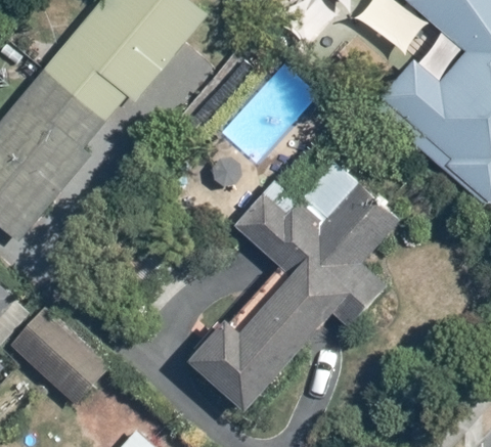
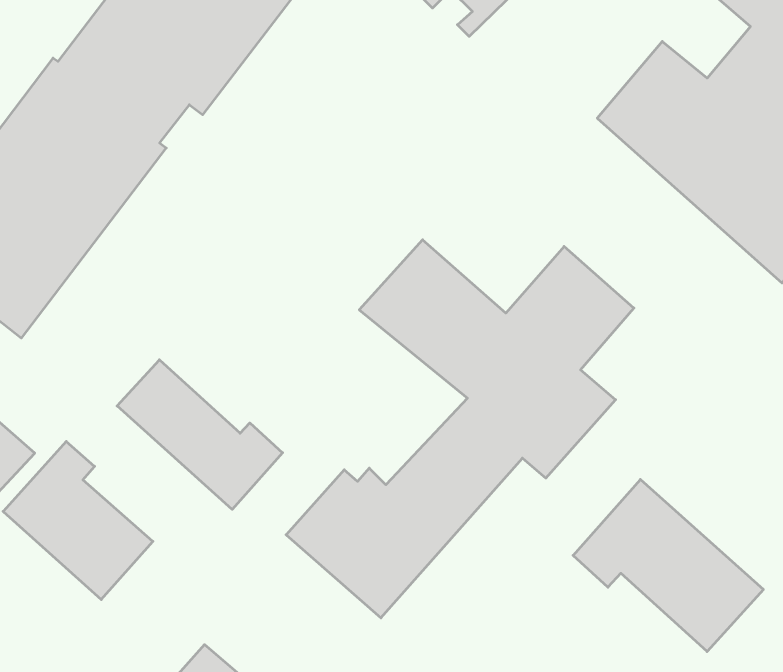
building: none -> [117,360,283,509]
building: none -> [573,479,763,652]

